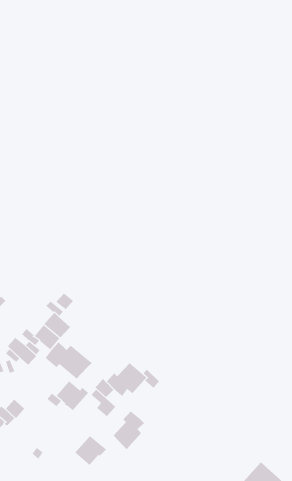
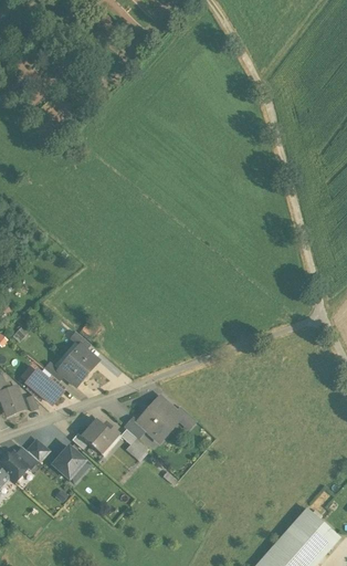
building: [45,341,93,380] -> none
building: [113,411,145,450] -> none
building: [75,435,107,466] -> [52,446,87,479]

